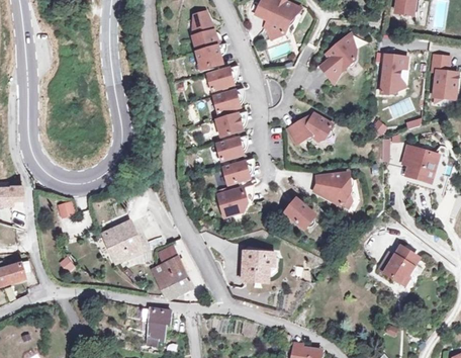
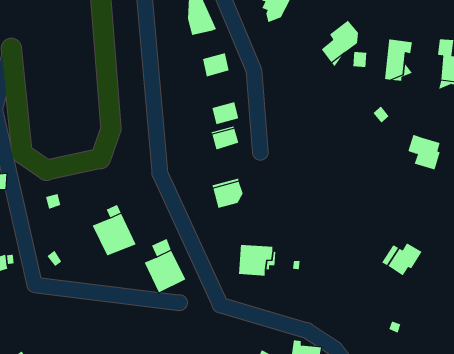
building: [197,47,222,70] -> none
building: [213,91,240,113] -> none
building: [288,113,333,143] -> none
building: [222,163,250,184] -> none
building: [316,172,349,205] -> none
building: [284,198,315,229] -> none
building: [147,307,172,347] -> none

